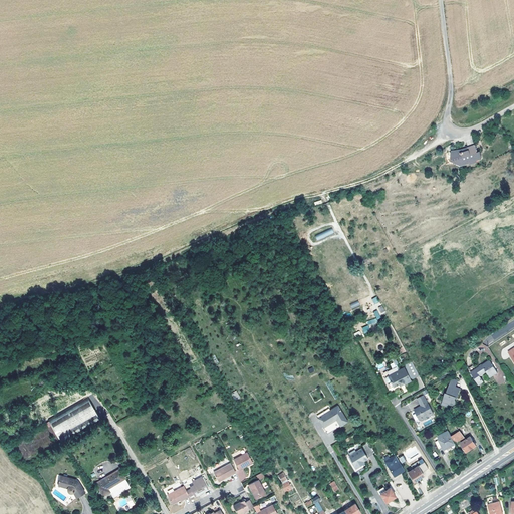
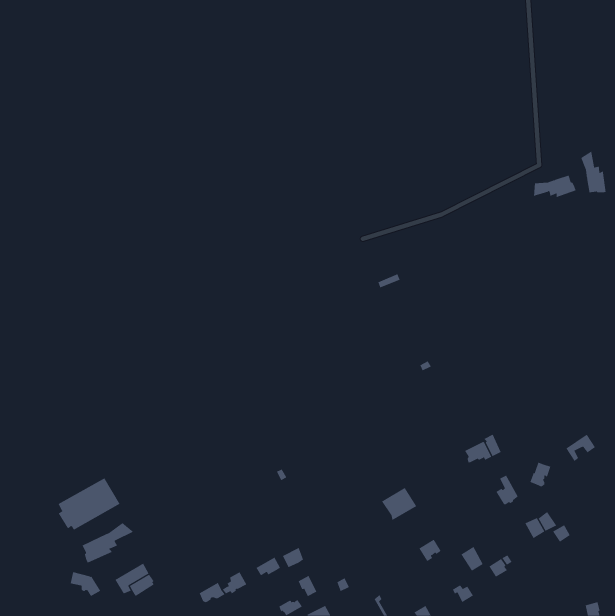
building: none -> [580,150,606,193]
building: none -> [82,522,134,564]

